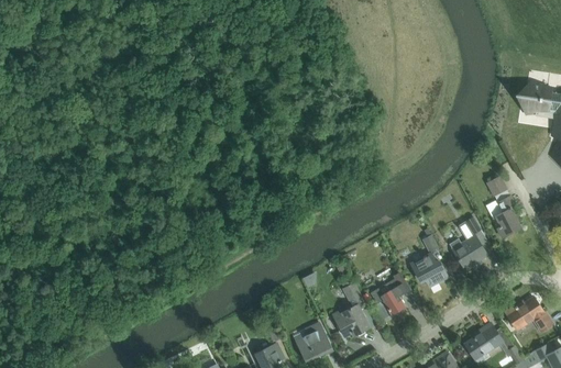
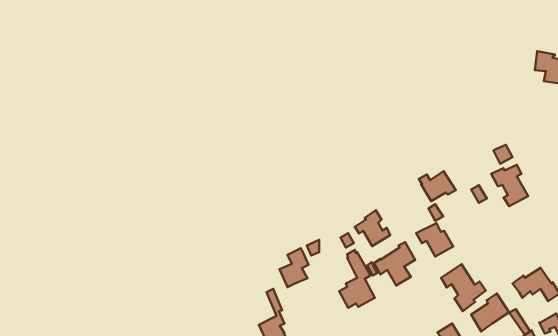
building: [451,236,487,266] -> [419,171,456,201]
building: none -> [355,210,390,246]
building: none -> [441,264,486,311]
building: [298,322,327,360] -> [280,248,309,287]

